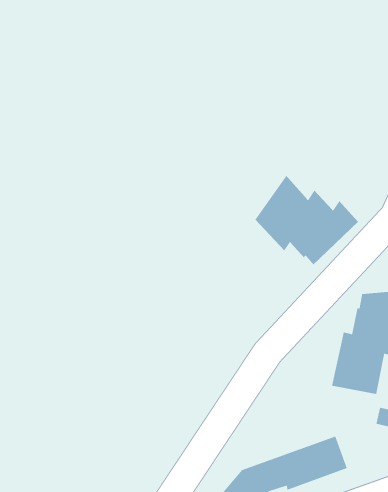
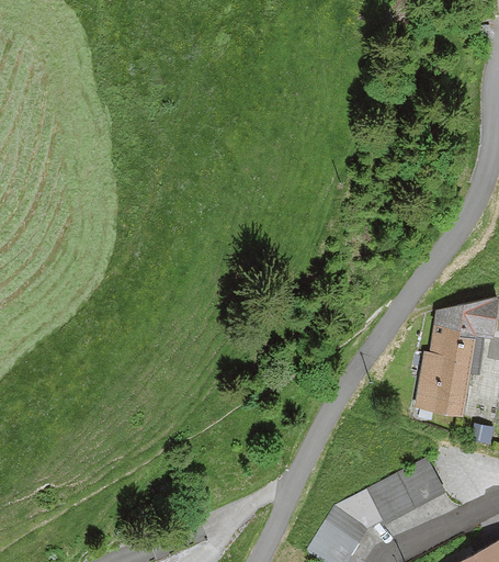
building: [255,175,359,265] -> none

